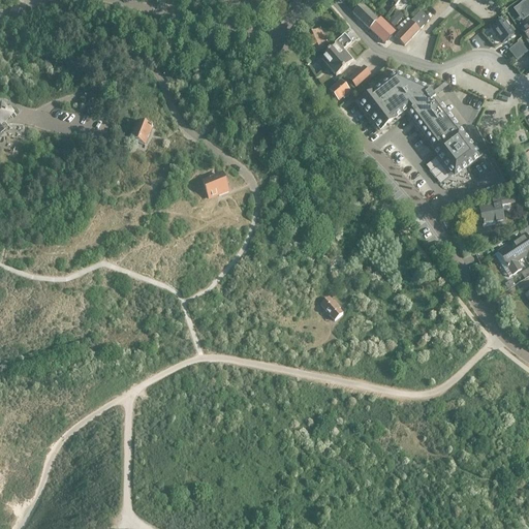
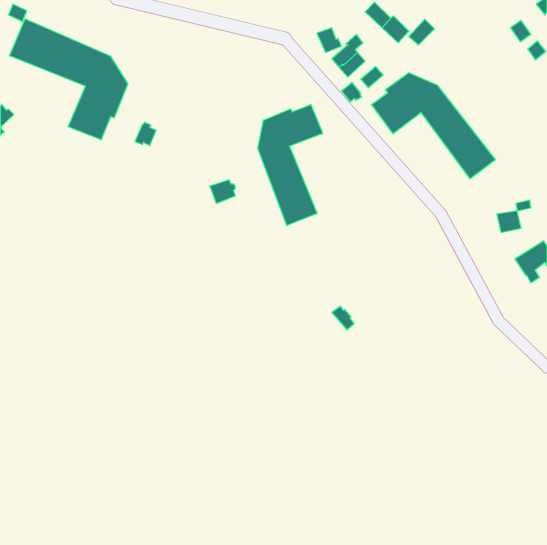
building: none -> [10,19,128,140]
building: none -> [258,104,323,226]

